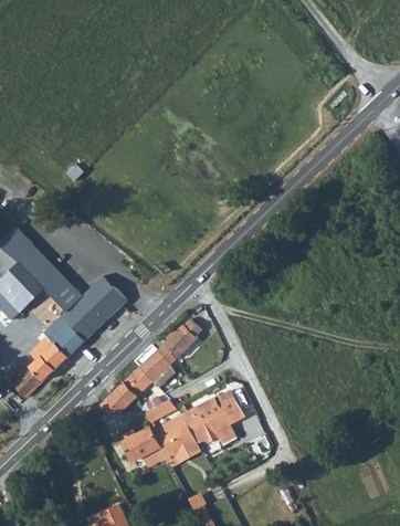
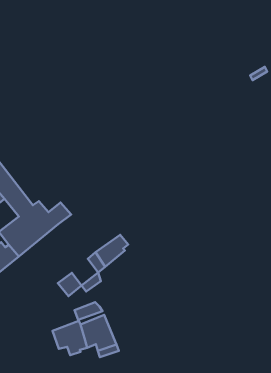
building: [135,350,167,383] -> none
building: [103,383,134,414] -> none
building: [179,393,242,450] -> none

